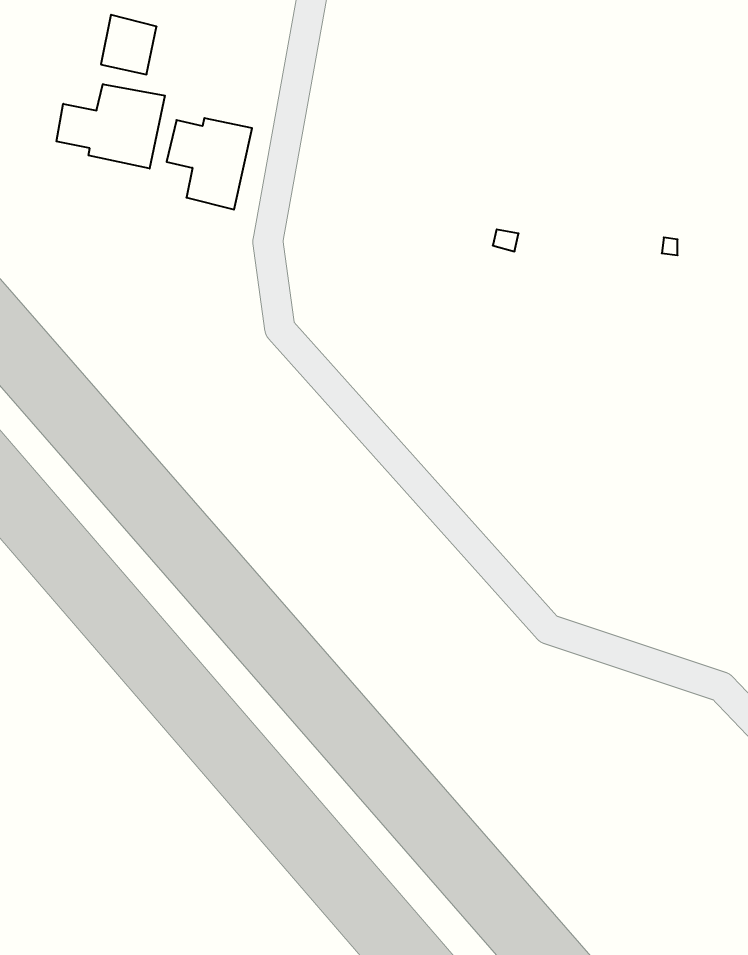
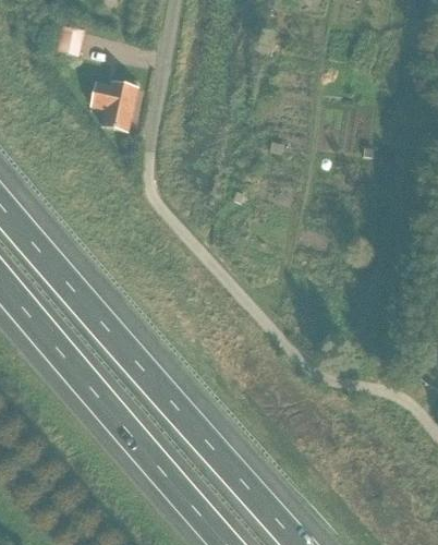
building: [56,84,165,169] -> none

